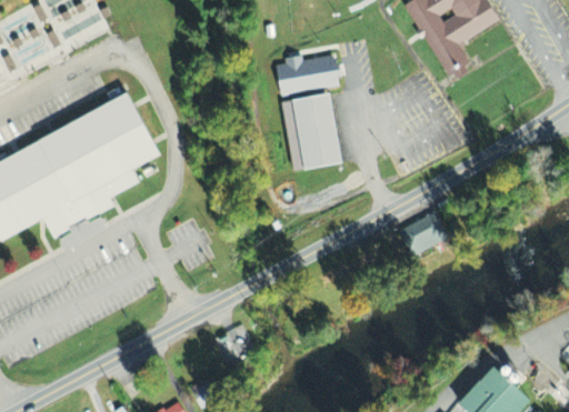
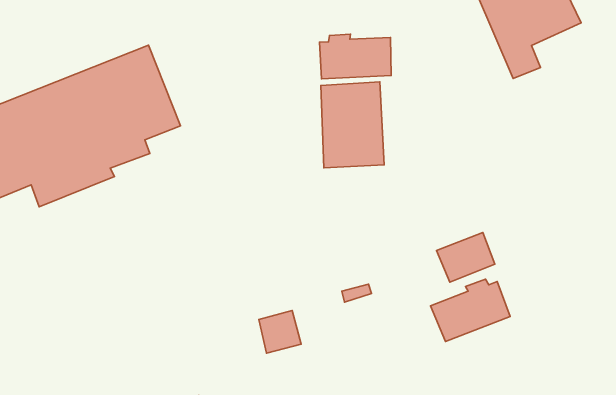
building: none -> [431,279,510,341]
building: [214,328,253,366] -> [259,311,301,353]

